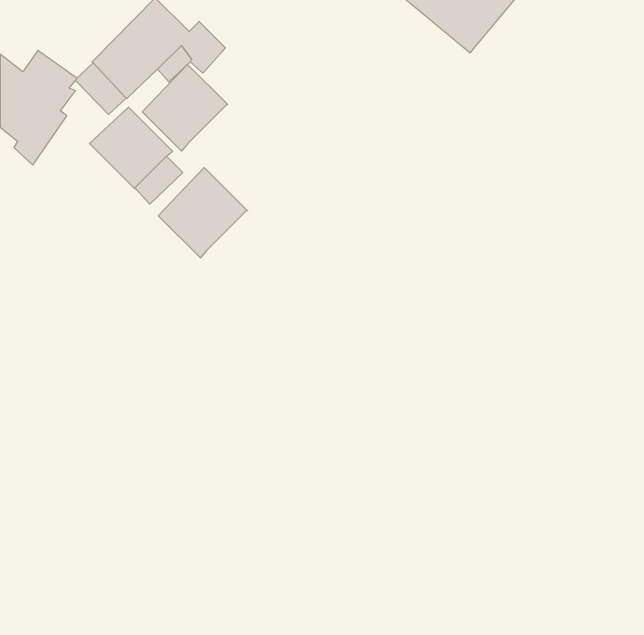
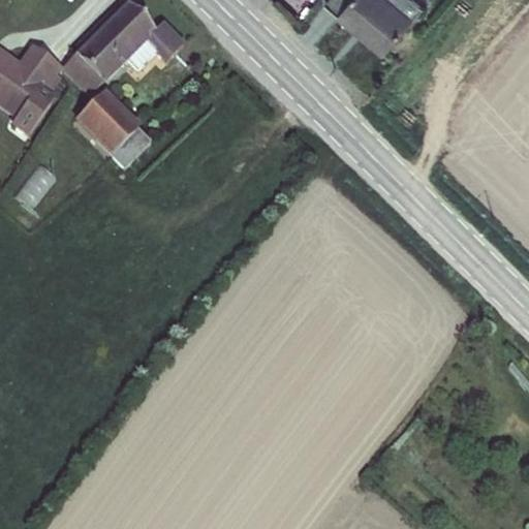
building: [142,64,228,151] -> none
building: [158,168,248,258] -> none

